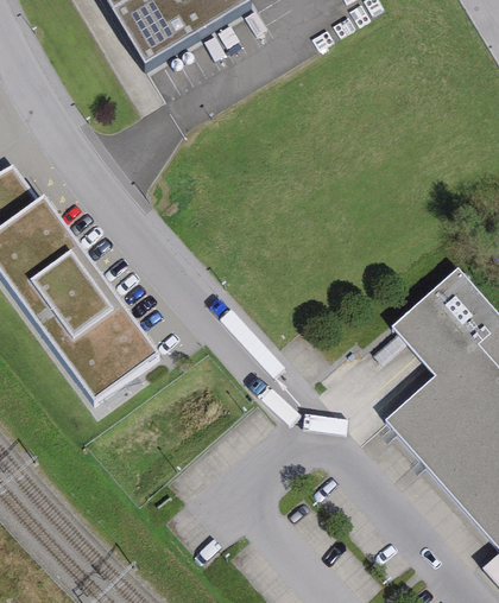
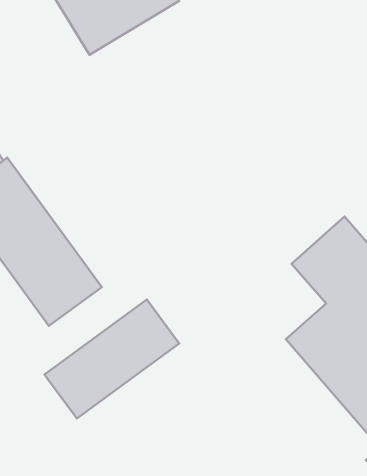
building: none -> [44,300,179,418]

